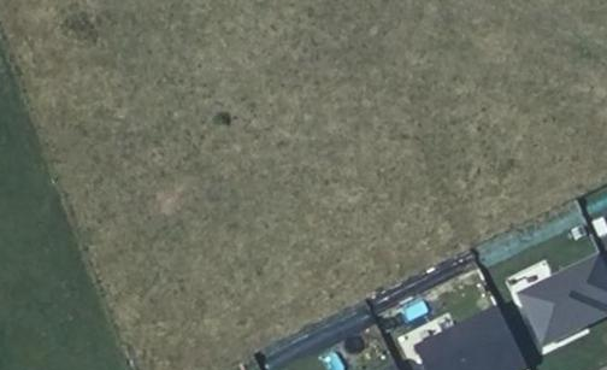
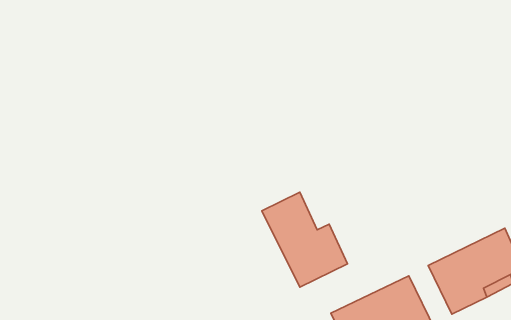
building: none -> [262,192,347,287]

